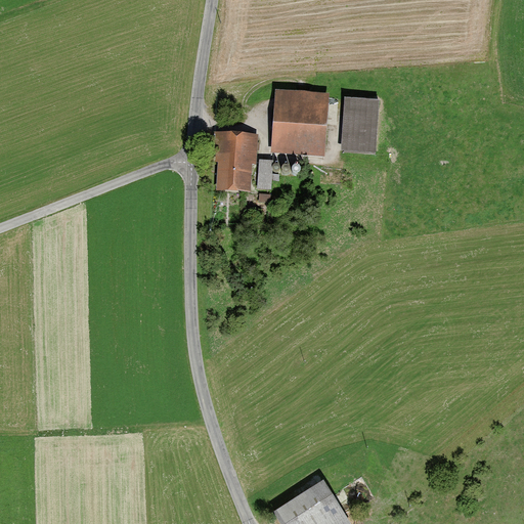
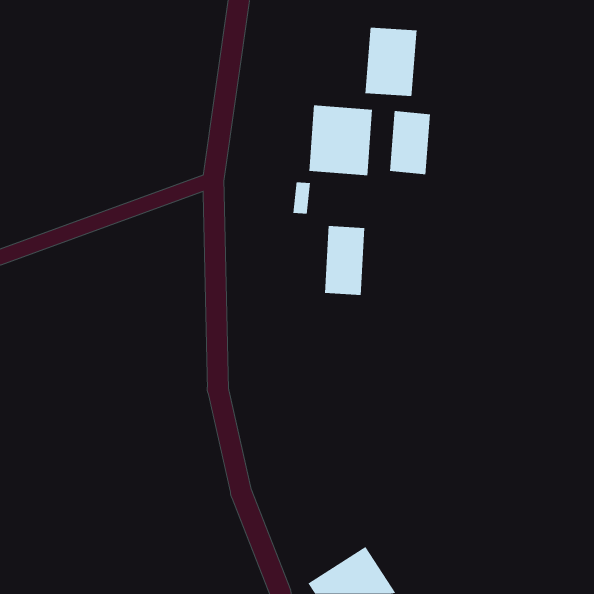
building: none -> [365,27,417,97]
building: [216,130,252,191] -> [324,225,365,295]

